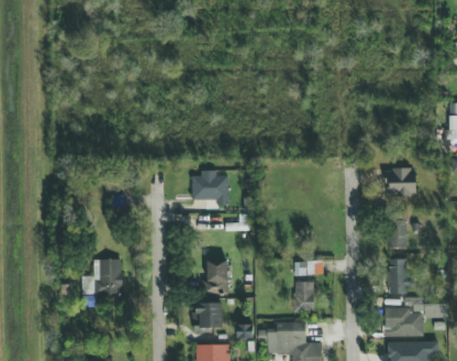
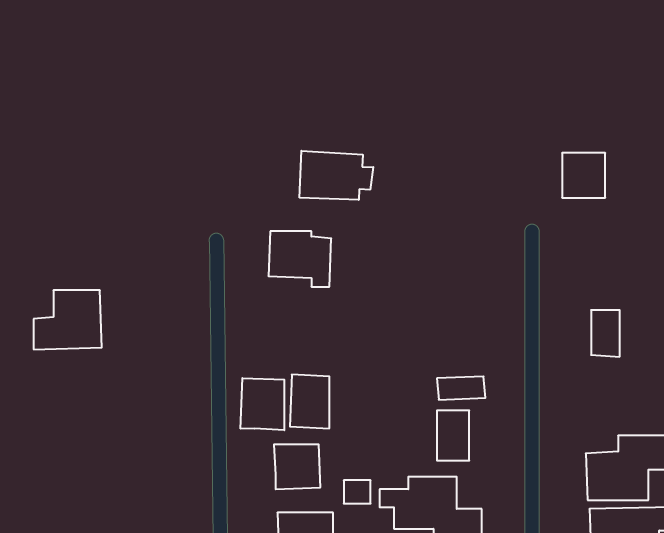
building: none -> [300,151,373,200]
building: [389,168,415,196] -> [562,153,605,198]
building: [80,259,122,295] -> [34,290,102,349]
building: [387,259,414,295] -> none
building: none -> [241,378,284,430]

